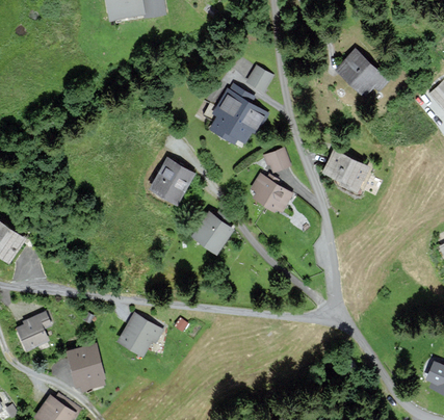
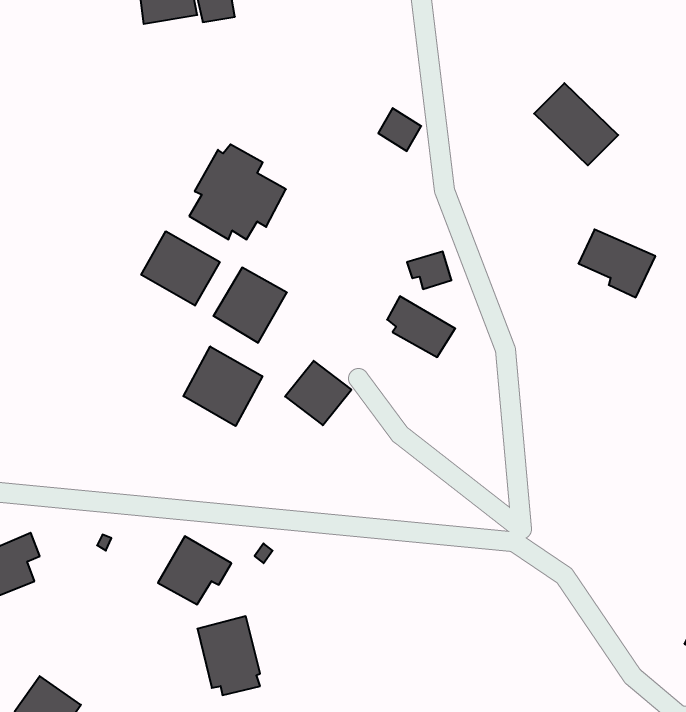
building: [210,87,266,142] -> [189,144,286,239]
building: none -> [141,231,220,306]
building: [324,153,369,192] -> [578,229,655,297]
building: none -> [183,346,262,426]
building: [67,344,103,390] -> [197,616,260,695]

